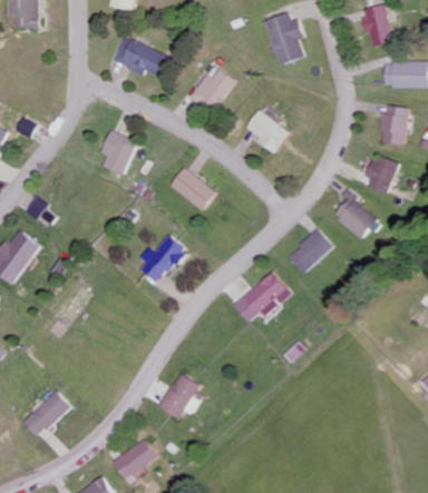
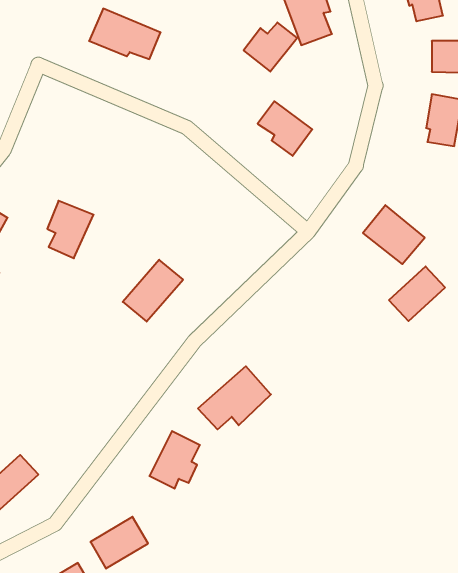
building: [193,69,235,108] -> [244,22,297,72]
building: [99,130,136,176] -> [47,201,94,258]
building: [362,155,397,195] -> none
building: [168,168,215,210] -> none
building: [286,230,331,274] -> [389,266,445,321]
building: [232,273,290,323] -> [198,366,271,429]

